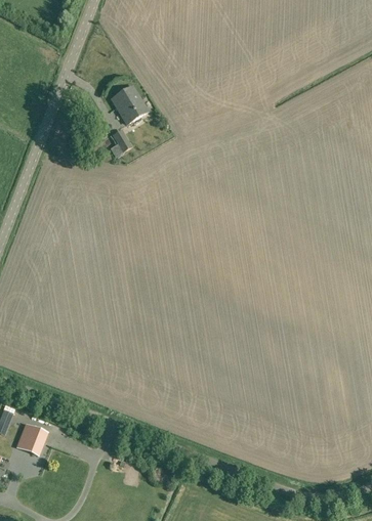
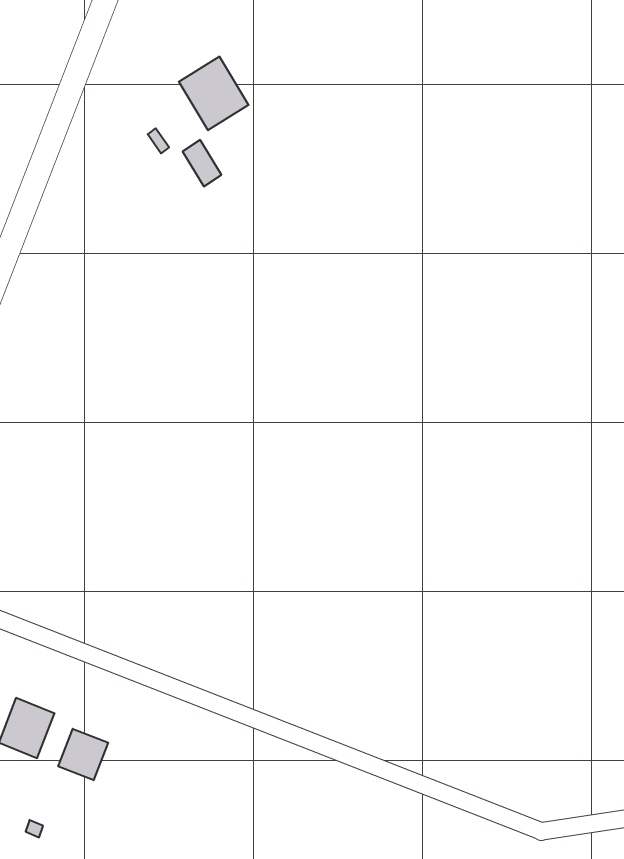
building: none -> [58,729,108,780]

